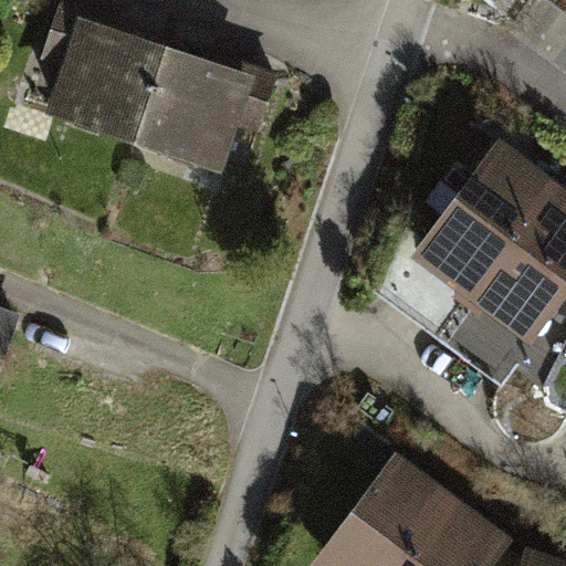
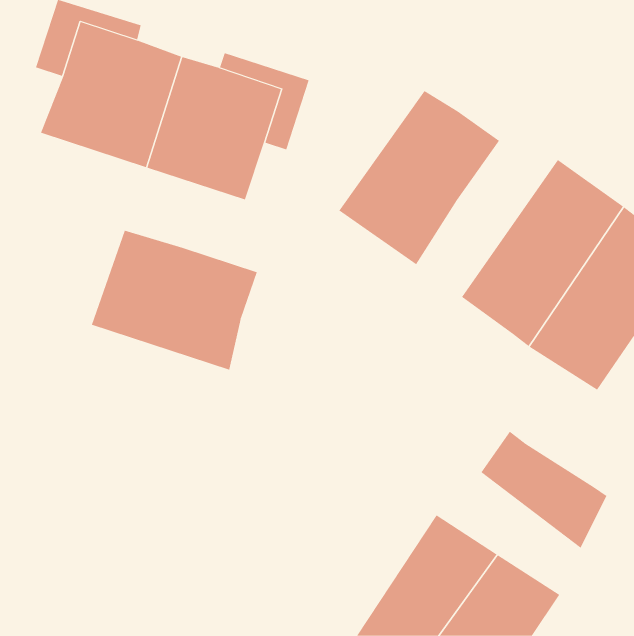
building: none -> [338,90,500,265]
building: none -> [91,230,257,370]
building: [432,295,544,399] -> [481,431,607,549]

